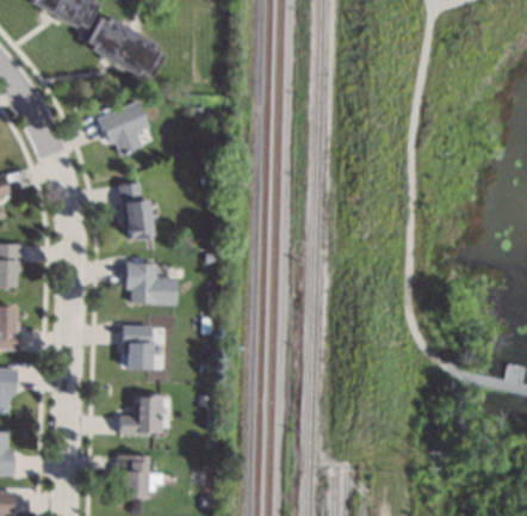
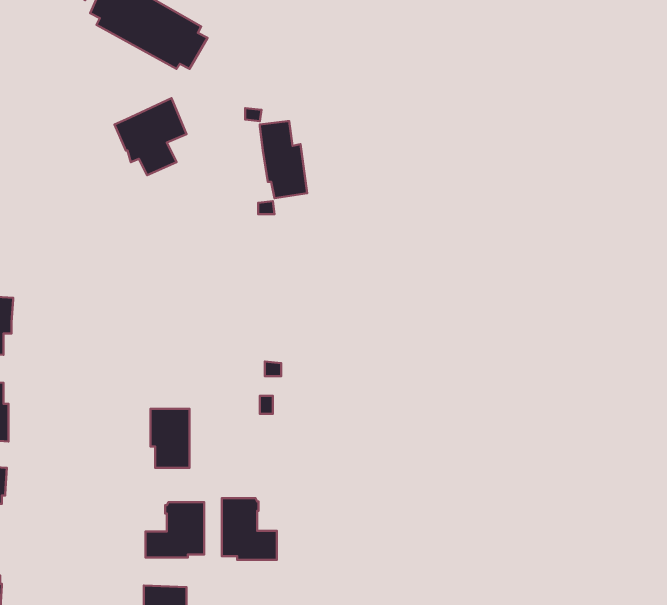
building: [118,183,153,239] -> [260,121,307,198]
building: [125,262,176,305] -> none
building: none -> [222,498,277,560]

